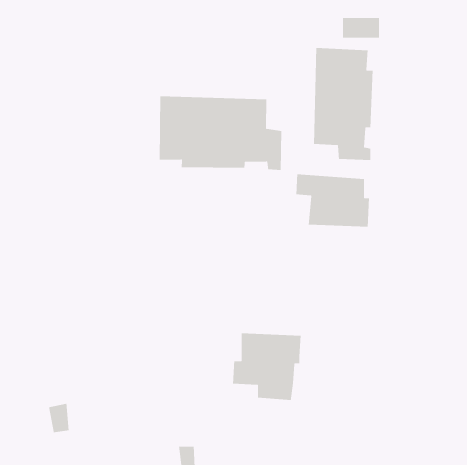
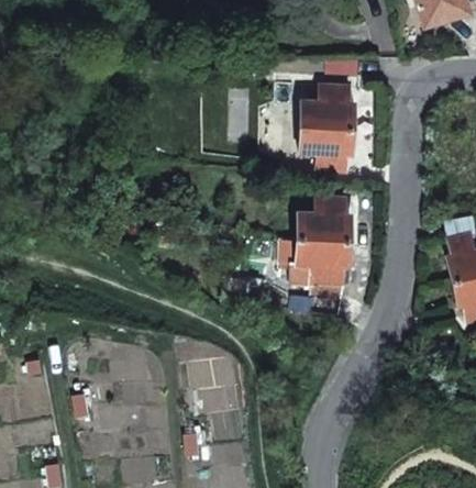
building: [159,95,282,171] -> none
building: [232,333,301,401] -> [289,240,350,299]

